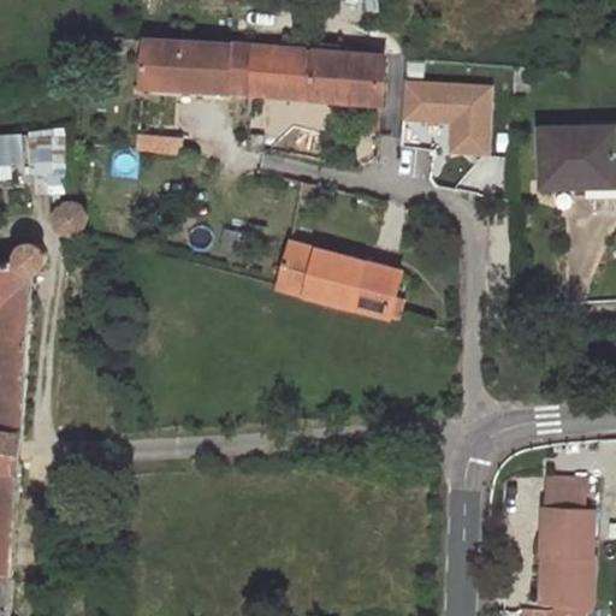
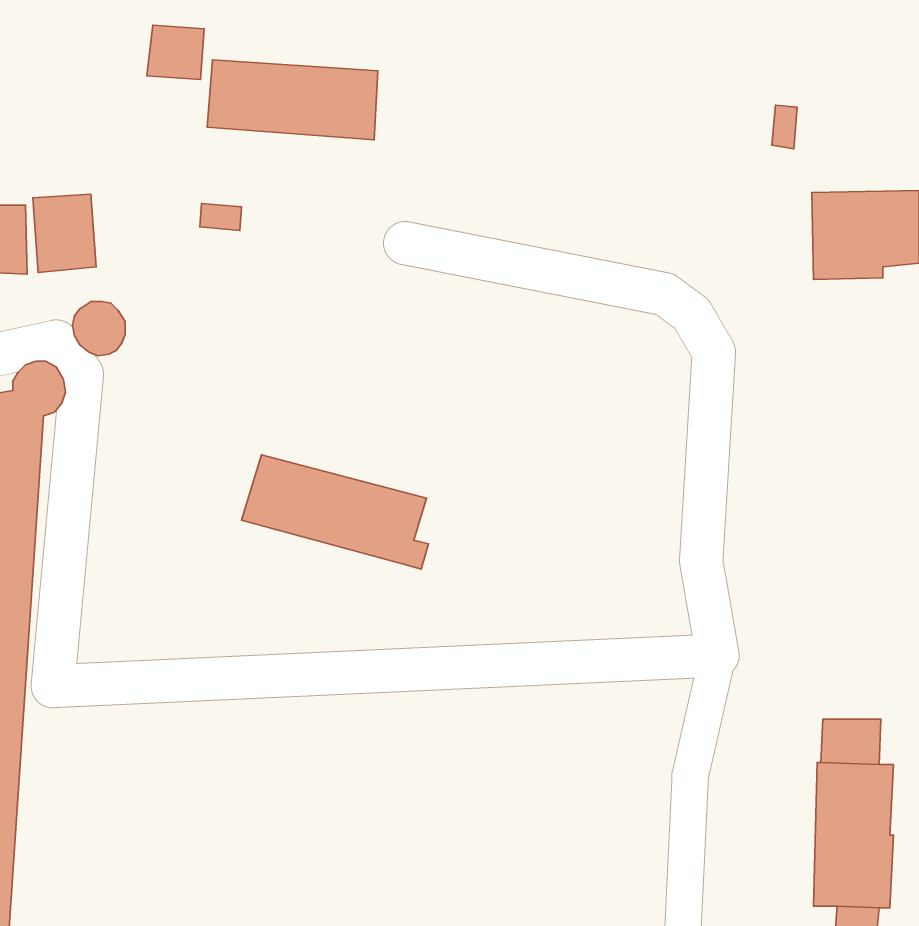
building: none -> [147,25,204,80]
building: [248,48,379,102] -> none
building: [401,83,492,154] -> none
building: [273,243,397,319] -> [241,455,428,569]

